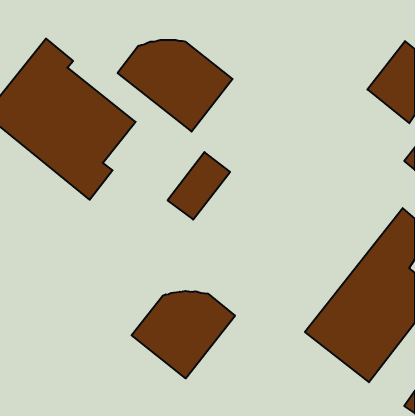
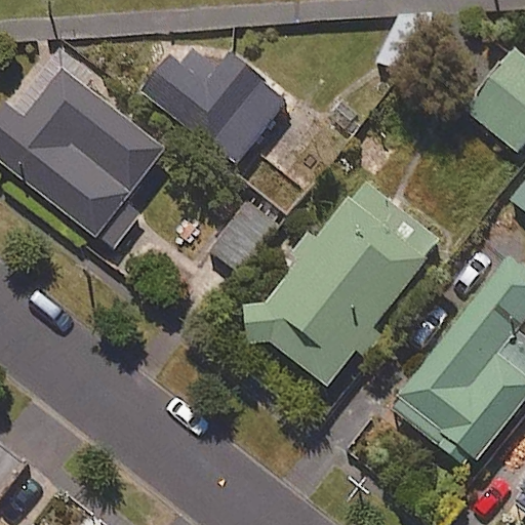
building: none -> [251,181,444,389]
building: [132,291,235,378] -> none

